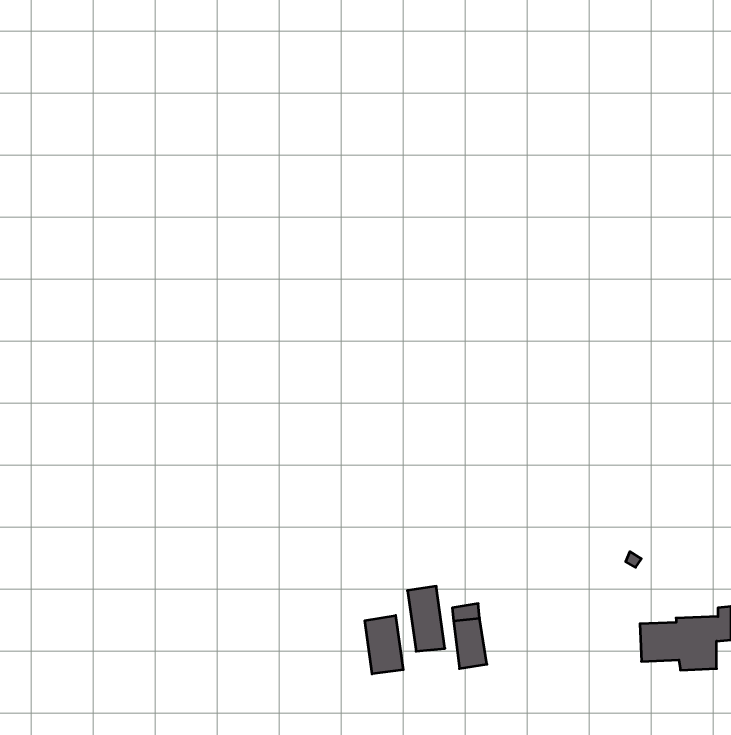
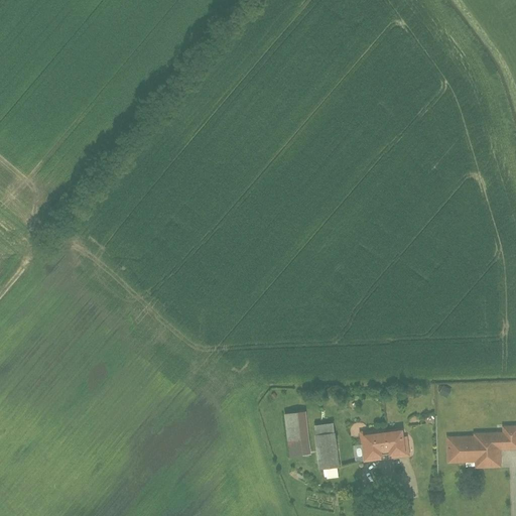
building: none -> [358,429,408,460]
building: [365,615,403,674] -> none

